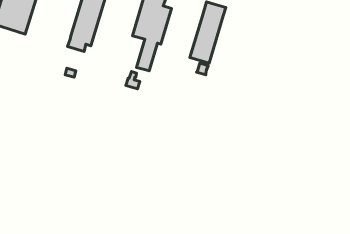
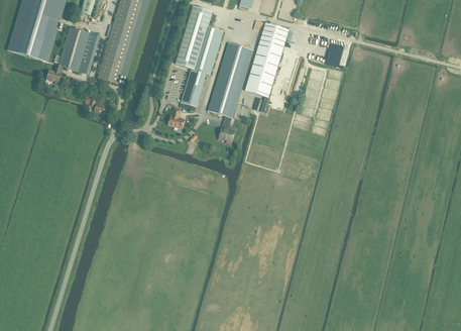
building: none -> [45,25,99,81]
building: none -> [208,41,253,139]

